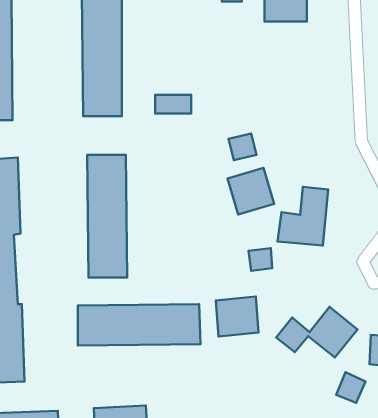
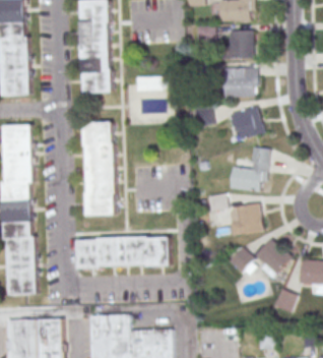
building: none -> [228,31,253,57]
building: none -> [223,67,256,97]
building: [228,168,274,215] -> [228,105,263,140]
building: [216,296,258,336] -> [229,203,261,234]

